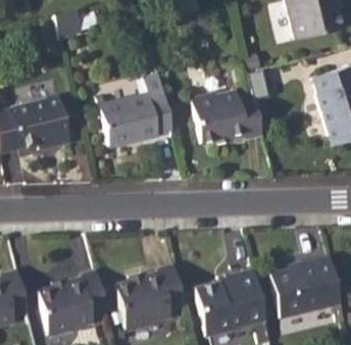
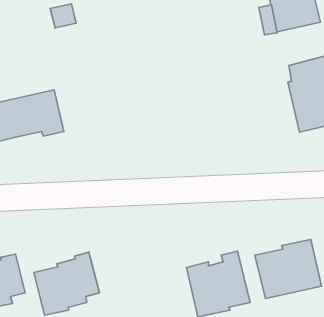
building: [97,89,172,146] -> none
building: [190,90,264,144] -> none
building: [116,264,185,330] -> none

